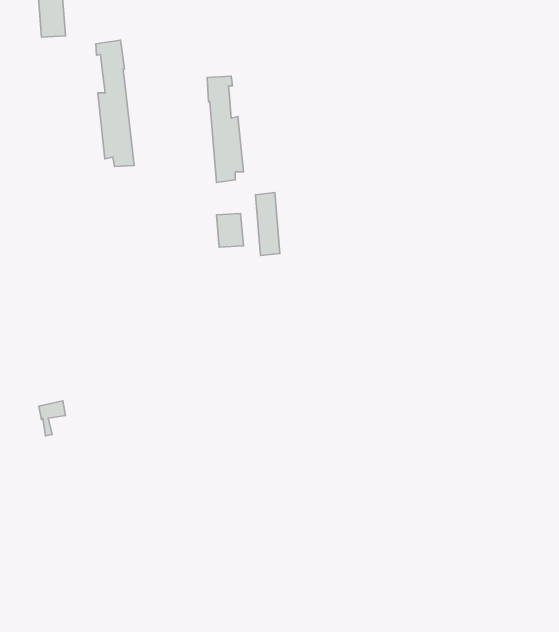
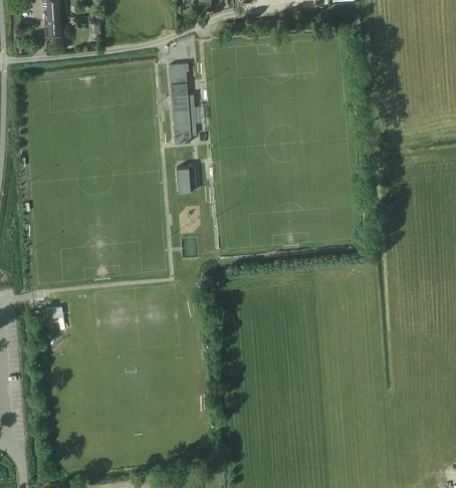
building: [96,40,134,167] -> none
building: [255,193,280,256] -> none

